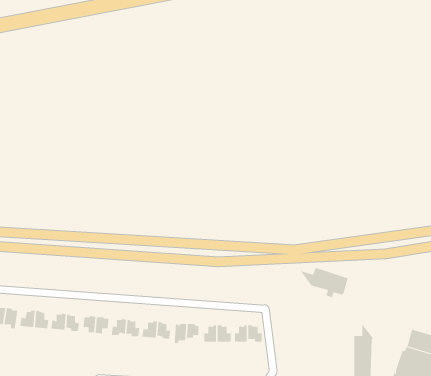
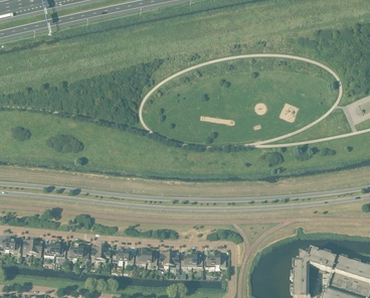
building: [299,267,349,298] -> [300,249,337,272]

